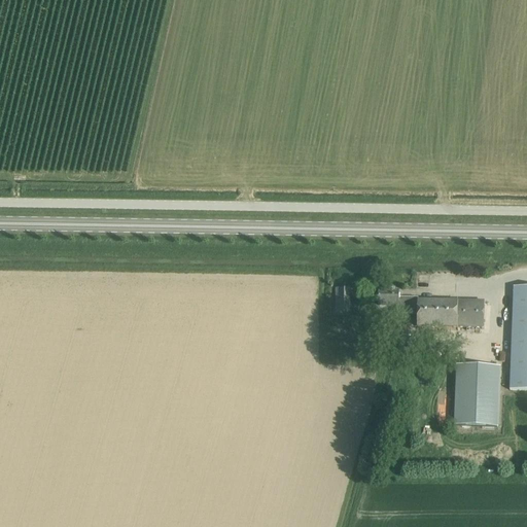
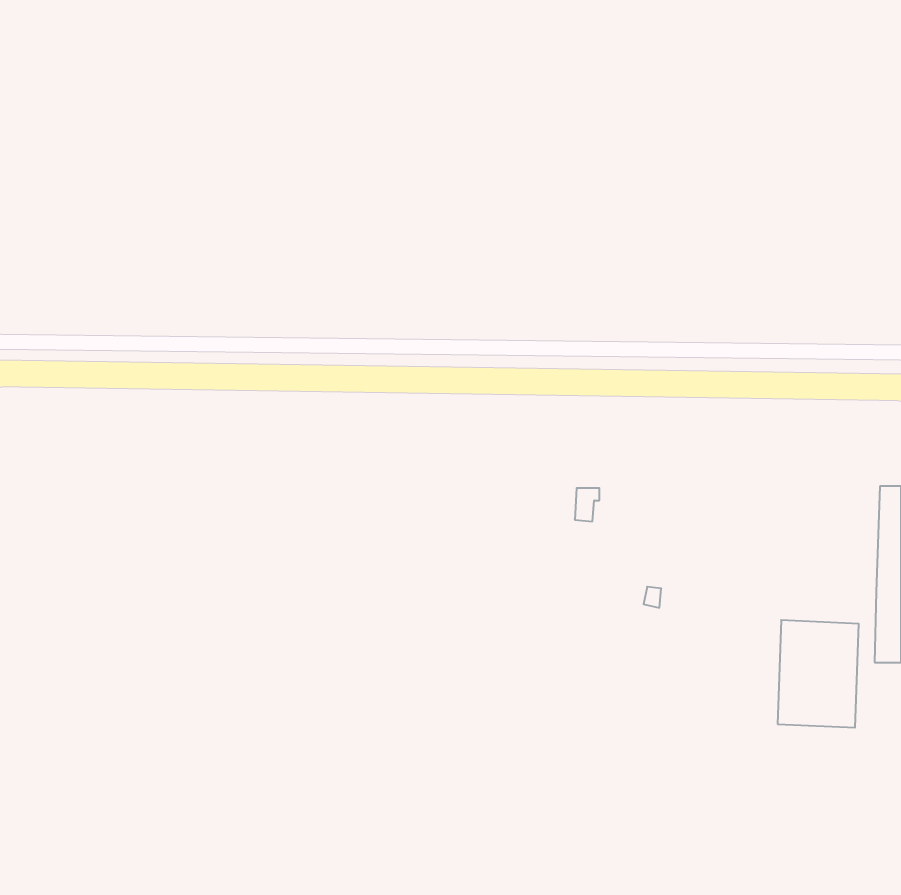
building: [379,288,492,331] -> none

